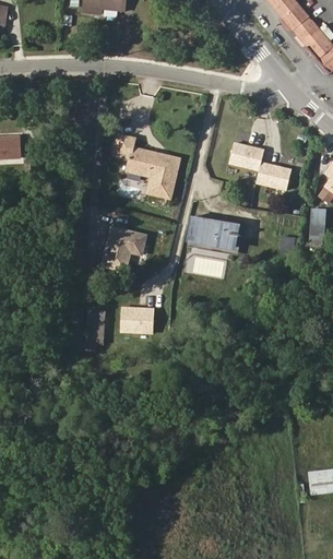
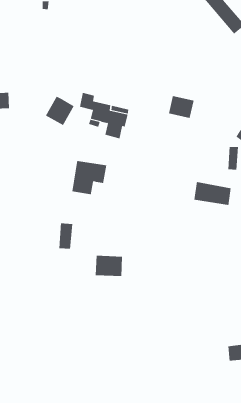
building: none -> [45,96,75,126]
building: [257,162,295,192] -> none
building: [188,215,238,247] -> [194,182,231,205]
building: [119,306,156,334] -> [95,255,123,276]

